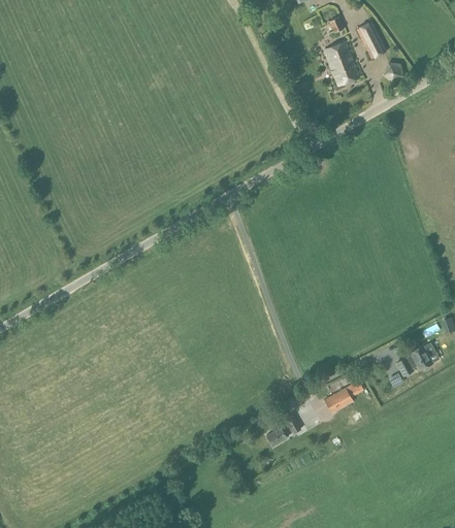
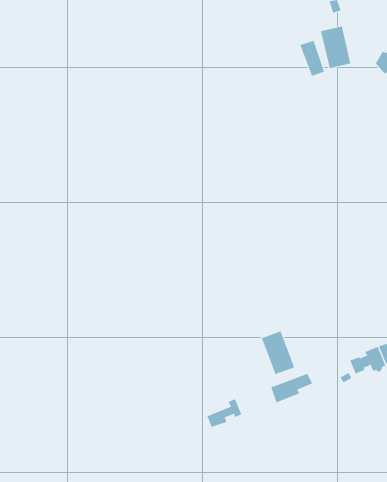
building: [357,23,385,58] -> [300,40,325,76]
building: none -> [261,331,295,375]

